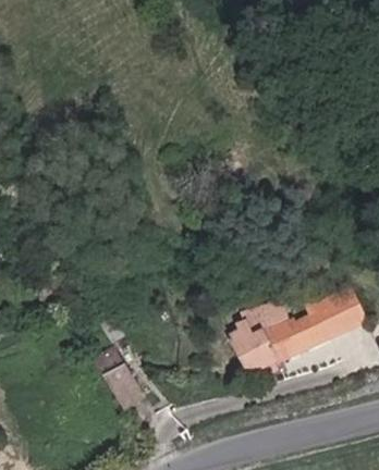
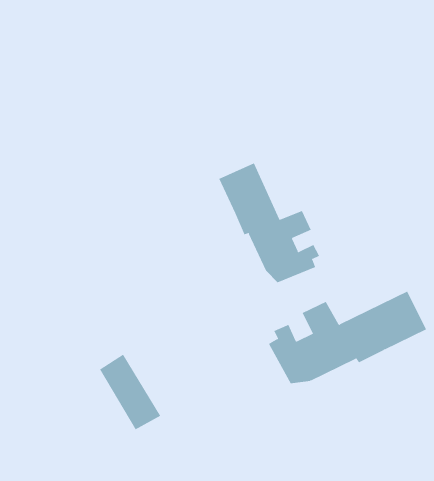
building: none -> [219,163,320,283]

